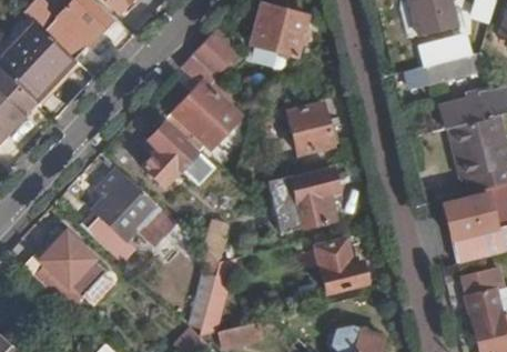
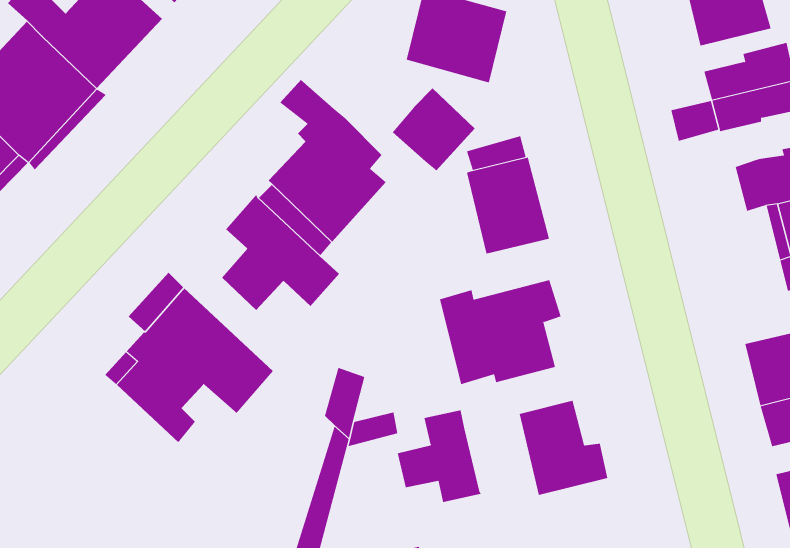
building: [191,29,239,77] -> [392,88,475,171]
building: [37,225,94,311] -> none
building: none -> [397,410,482,503]

